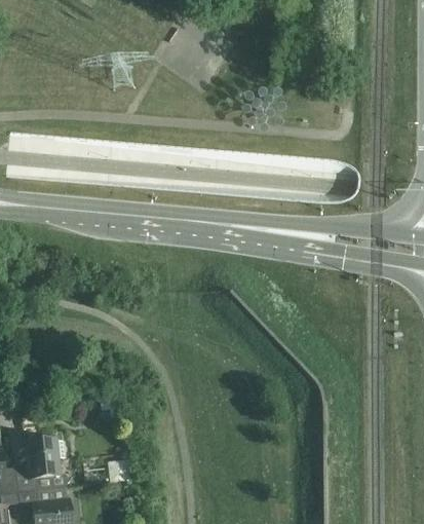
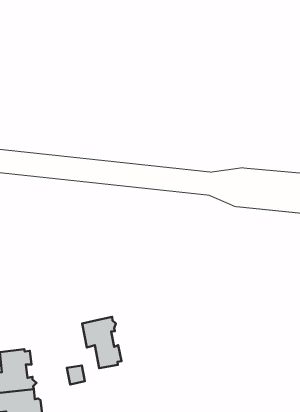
building: none -> [82,317,121,368]

